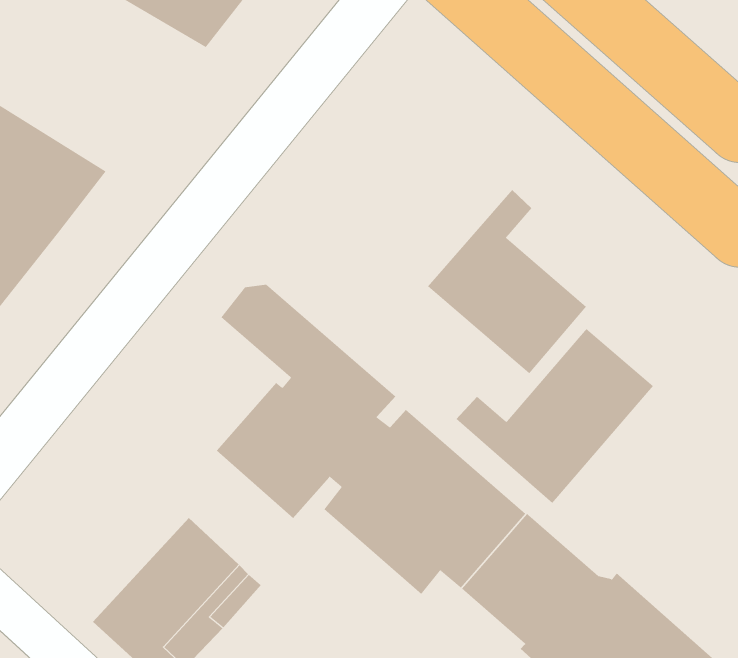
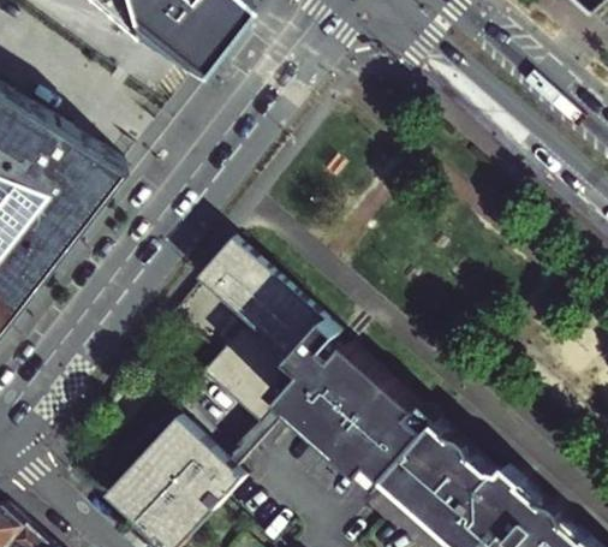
building: [427,189,587,374] -> none
building: [455,328,654,504] -> none

